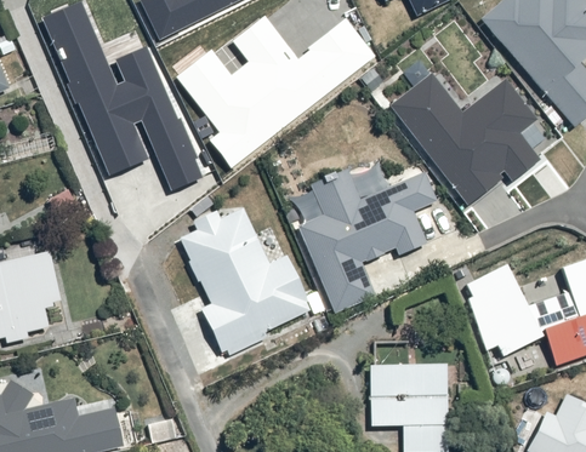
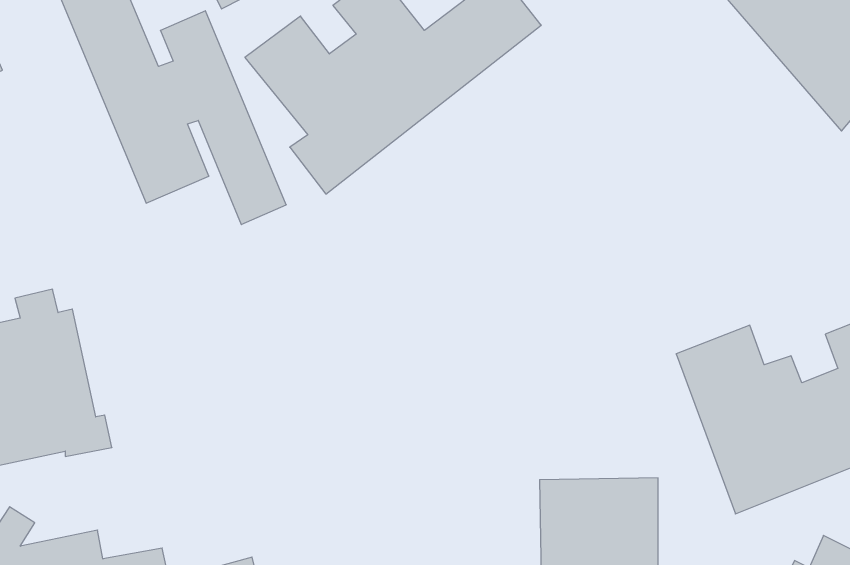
building: [388,75,537,205] -> none
building: [296,170,434,314] -> none
building: [176,208,308,355] -> none

